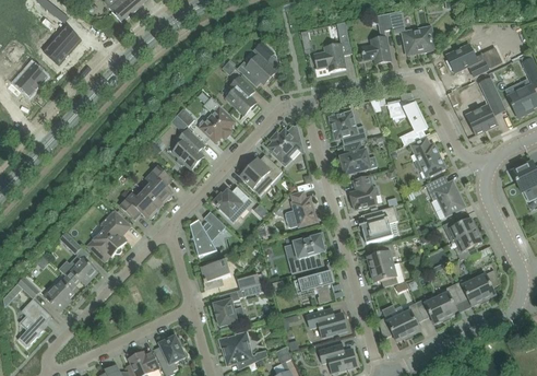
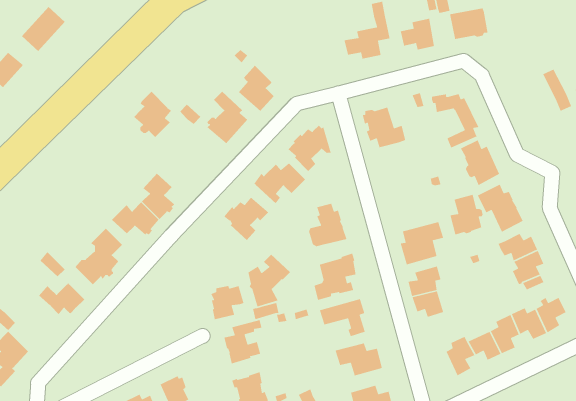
building: [237,42,276,86] -> none
building: [445,44,502,77] -> none
building: [466,104,498,134] -> none
building: [171,129,204,168] -> [133,91,172,138]
building: [338,141,370,175] -> none
building: [349,175,378,210] -> [450,194,483,236]
building: [190,211,226,256] -> [248,254,291,307]
building: [43,278,75,312] -> none
building: [378,315,408,342] -> none

